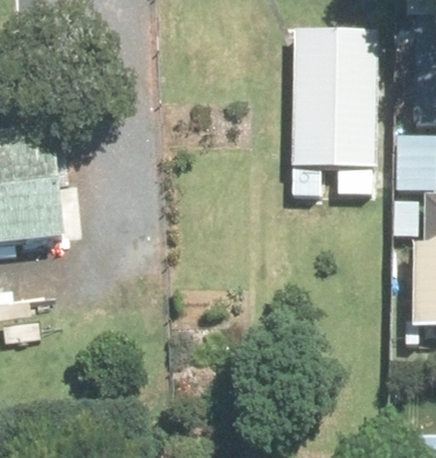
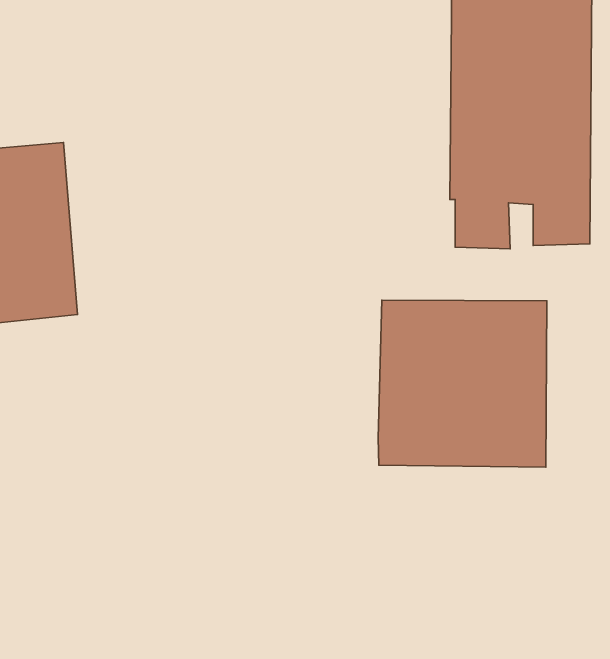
building: none -> [378,300,547,467]

